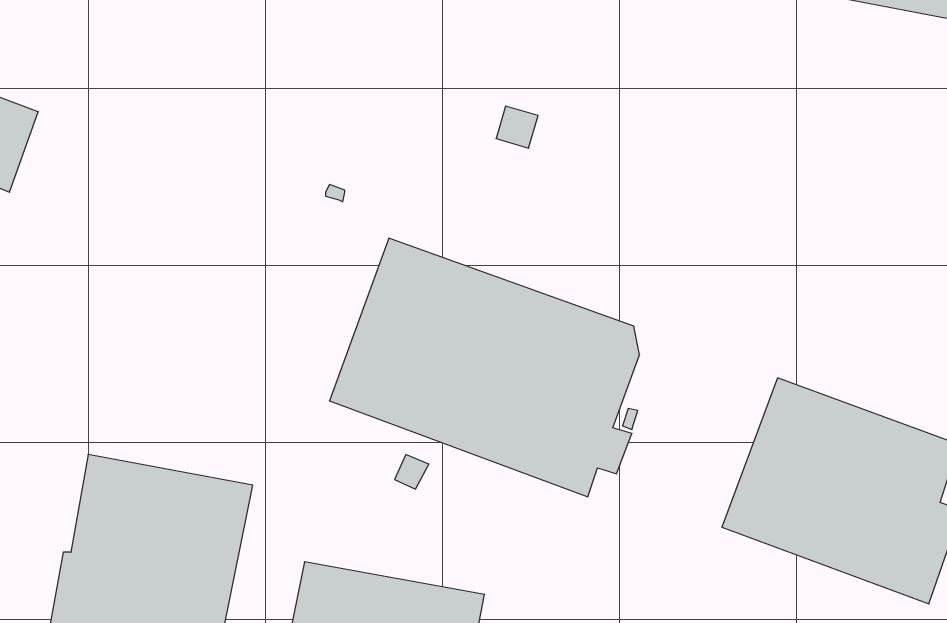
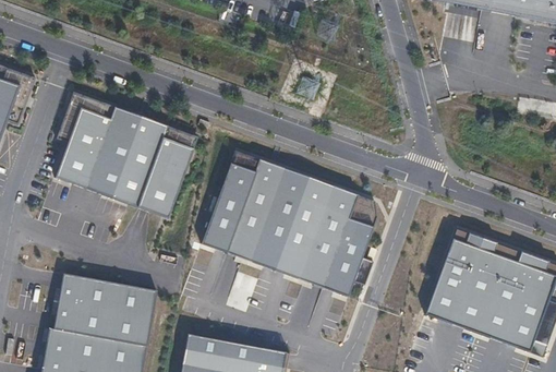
building: none -> [55,92,198,218]

